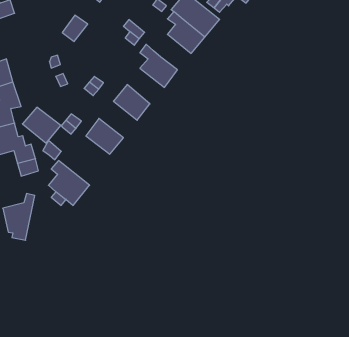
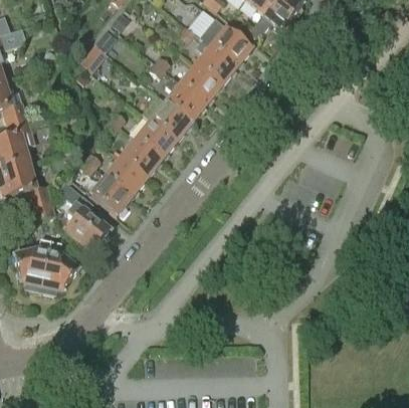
building: none -> [180,63,221,103]
building: none -> [151,100,192,140]
building: none -> [120,137,162,177]
building: [22,107,61,143] -> [89,175,132,214]
building: none -> [39,240,78,293]

